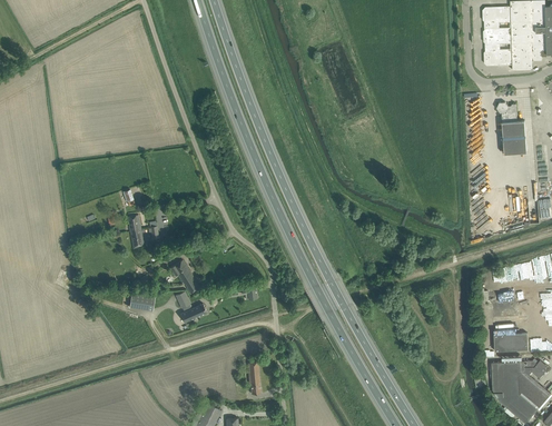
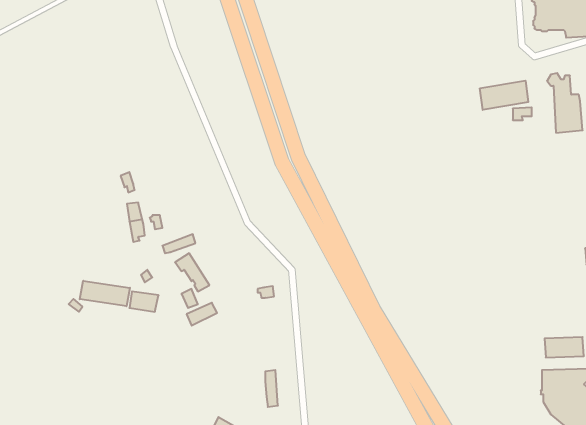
building: none -> [480,81,528,110]
building: none -> [80,281,130,306]

